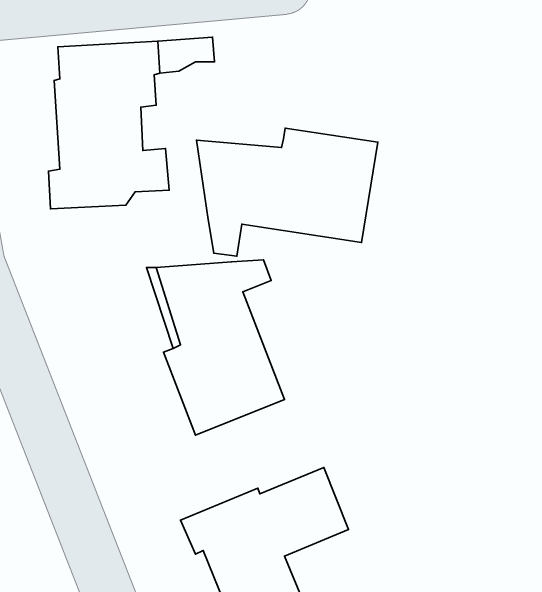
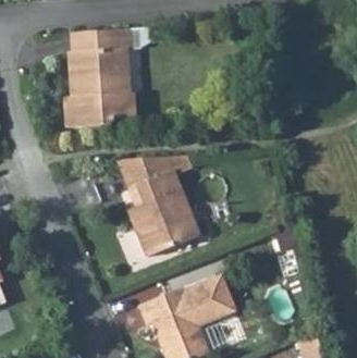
building: [197,128,378,256] -> none

